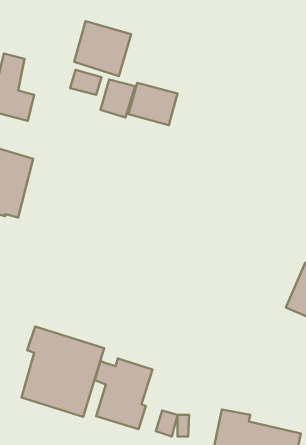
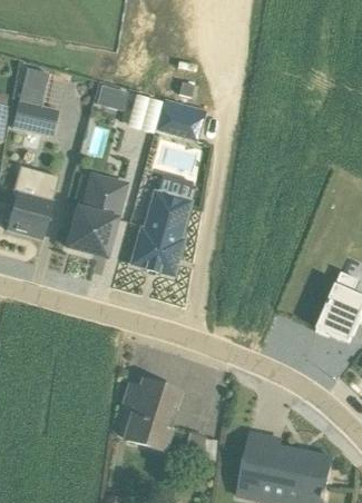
building: [74,21,131,76] -> none
building: none -> [67,172,125,257]
building: none -> [130,172,192,274]
building: [21,327,104,417] -> none

